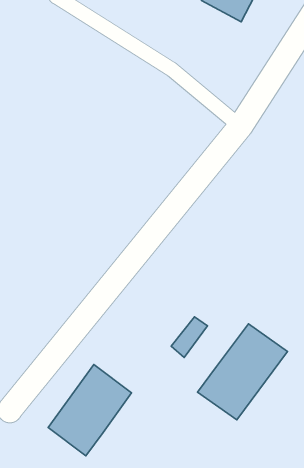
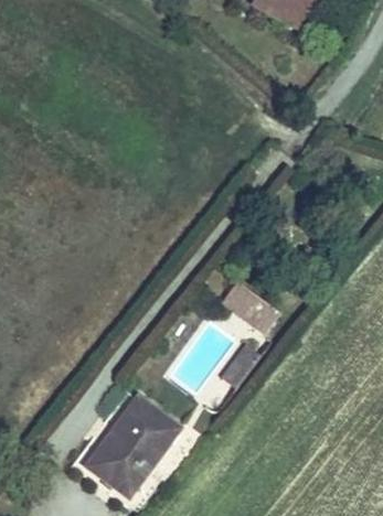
building: none -> [221,280,279,334]
building: [198,324,288,420] -> none

